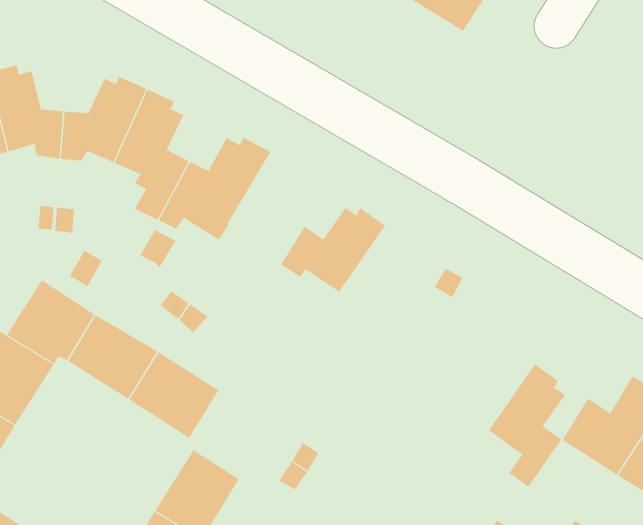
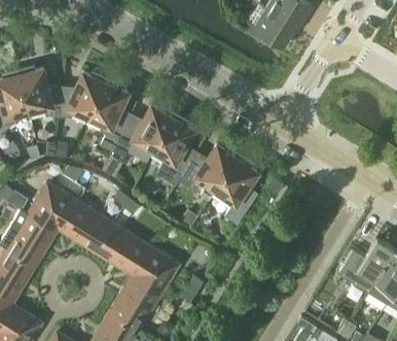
building: none -> [152,113,194,186]
building: [488,364,566,488] -> [214,155,257,224]
building: none -> [131,246,178,296]

